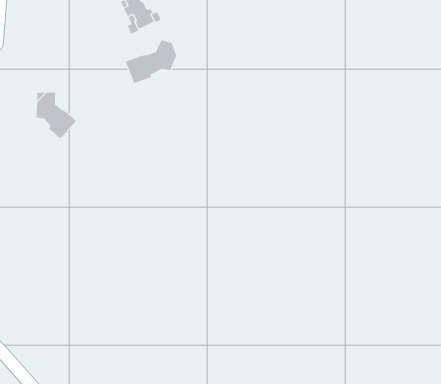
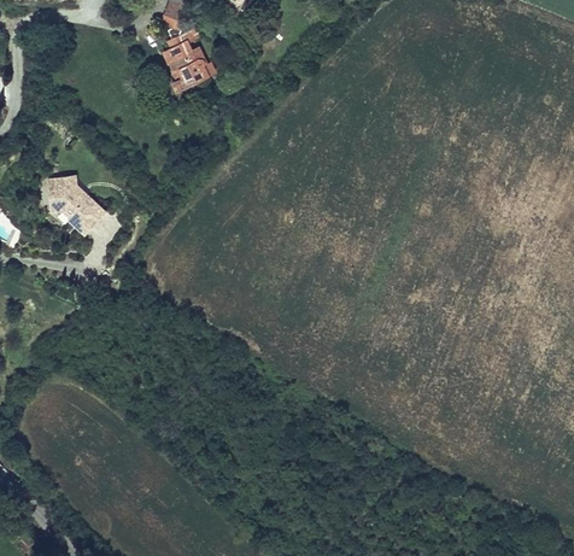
building: [125,39,177,84] -> none

